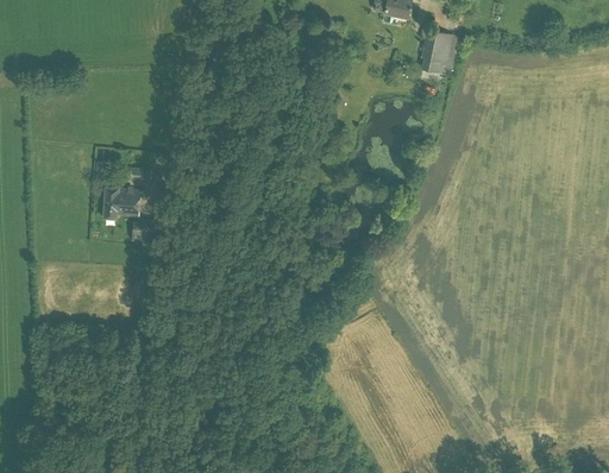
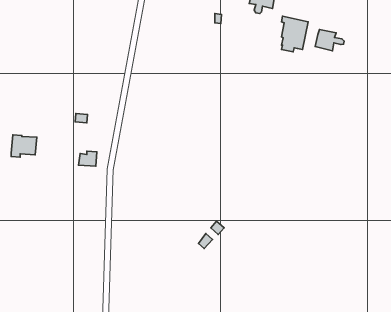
building: none -> [315,30,344,51]
building: [103,185,140,217] -> [11,135,37,157]

